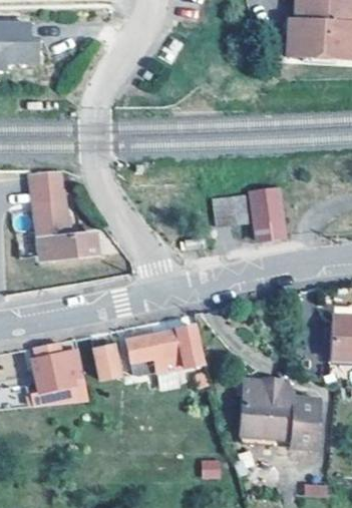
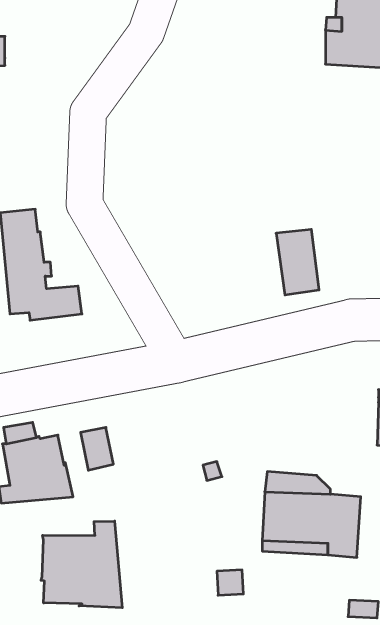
building: [215,192,252,224] -> none
building: [126,325,201,375] -> none
building: none -> [41,521,122,608]

